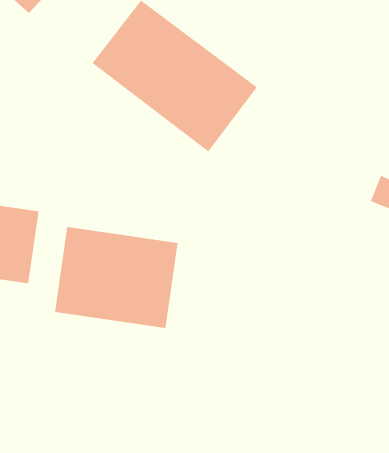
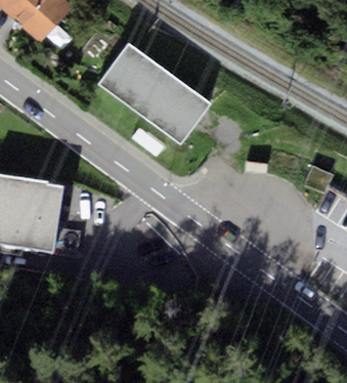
building: [54,226,179,329] -> none

